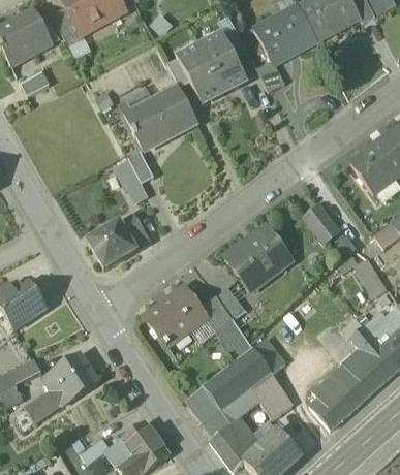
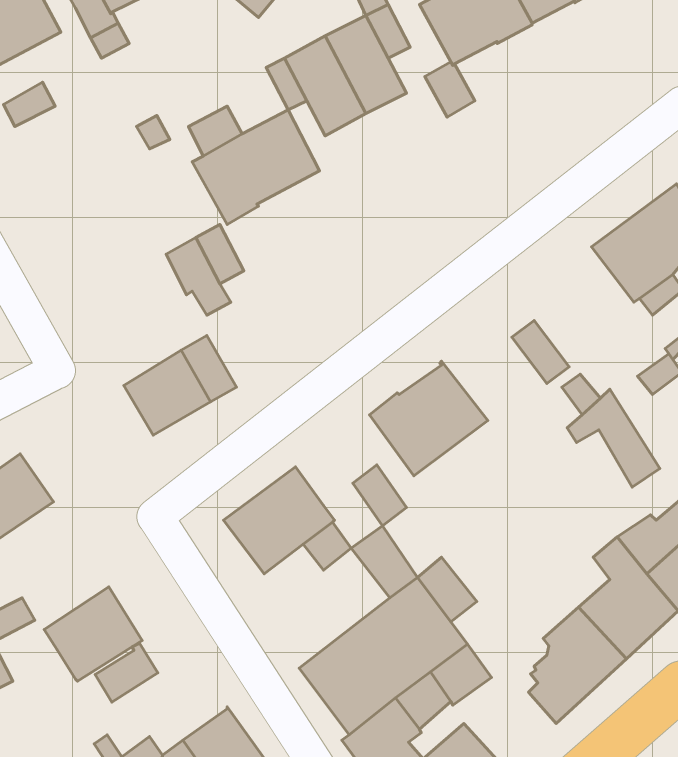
building: [199,295,233,331] -> none
building: [26,388,61,421] -> [95,643,158,702]

